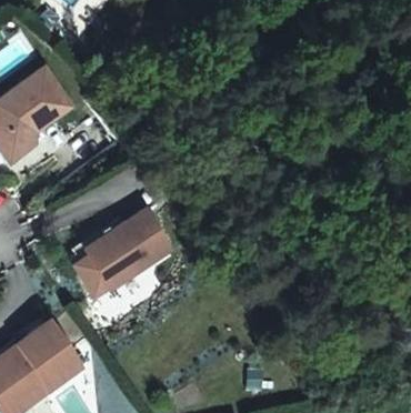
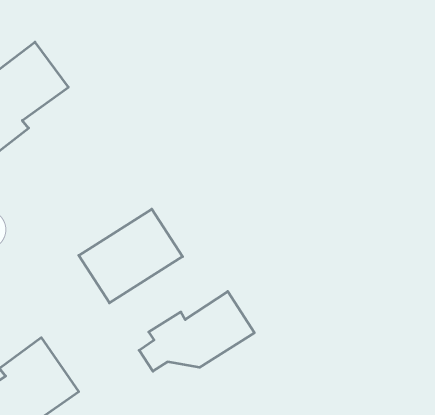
building: none -> [139,291,254,371]

